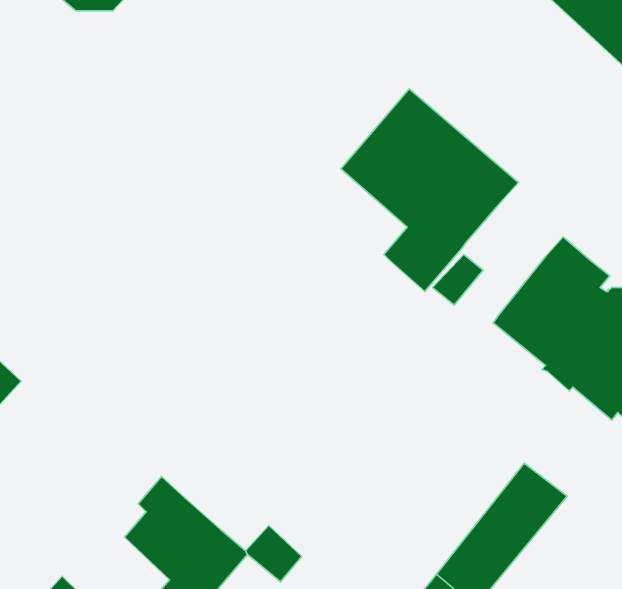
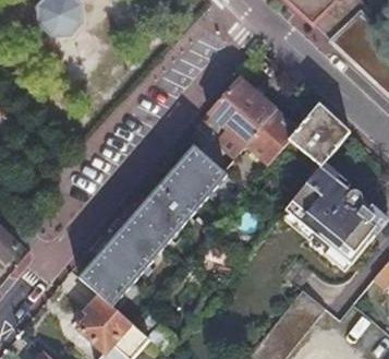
building: none -> [291,104,350,171]
building: none -> [80,144,228,307]

